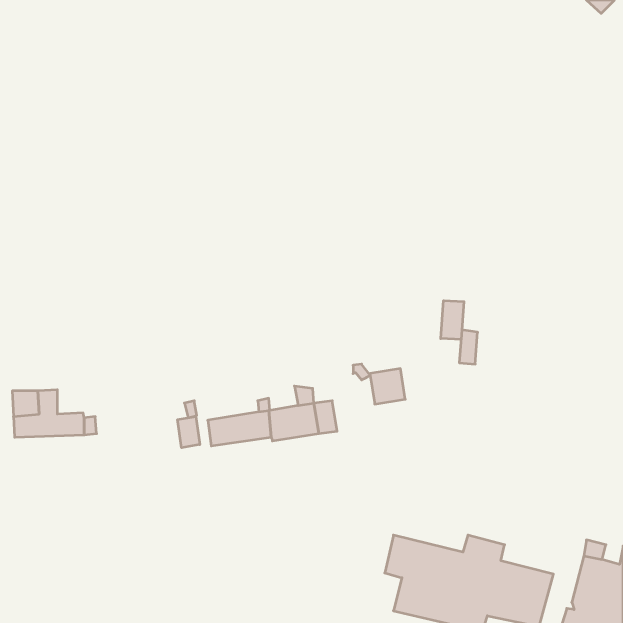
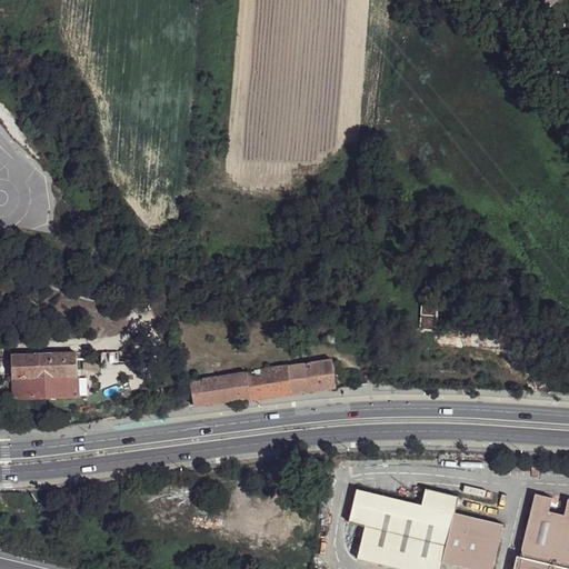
building: [441,301,464,340] -> none
building: [370,369,405,404] -> [302,361,335,393]
building: none -> [52,355,76,378]
building: [178,416,200,448] -> none

